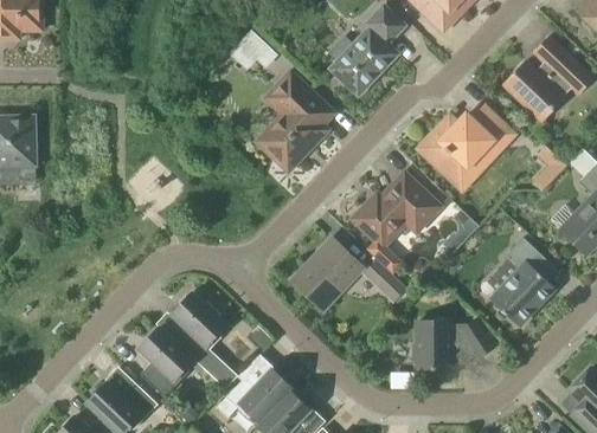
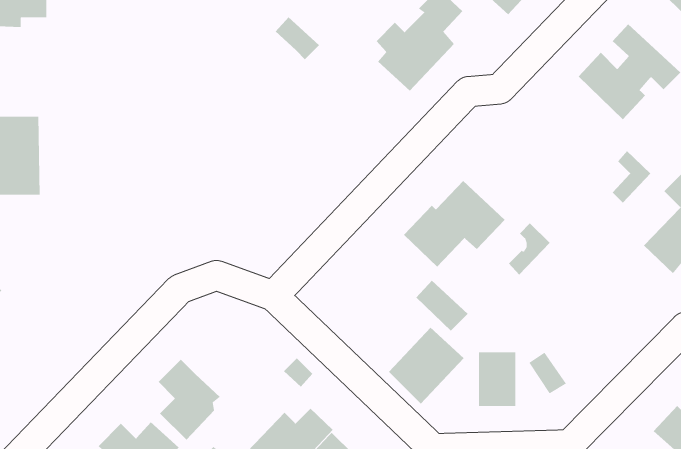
building: [263,73,334,169] -> none
building: [418,105,513,181] -> none
building: [490,237,554,325] -> none
building: [294,240,360,308] -> [388,327,465,405]
building: [172,292,237,389] -> none

